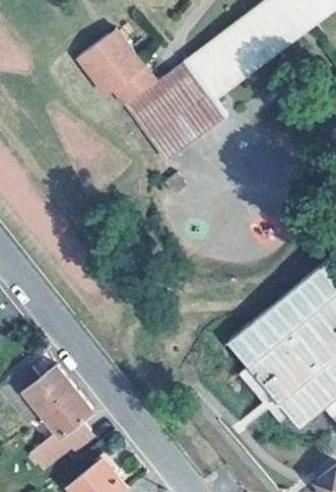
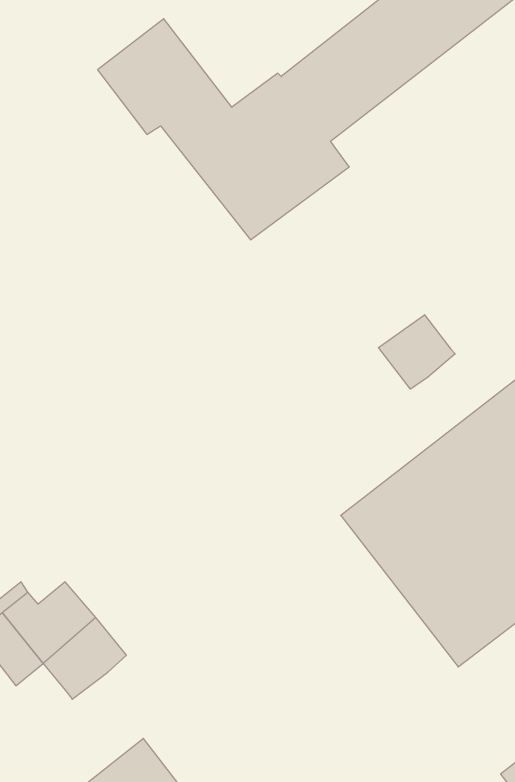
building: none -> [378,315,455,389]
building: [30,421,91,472] -> none

